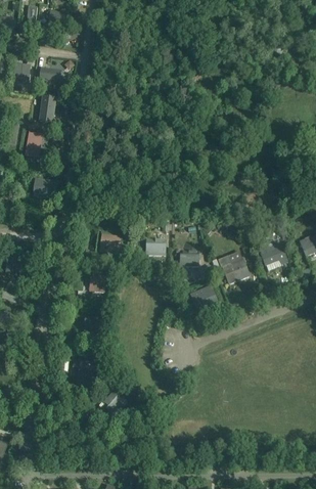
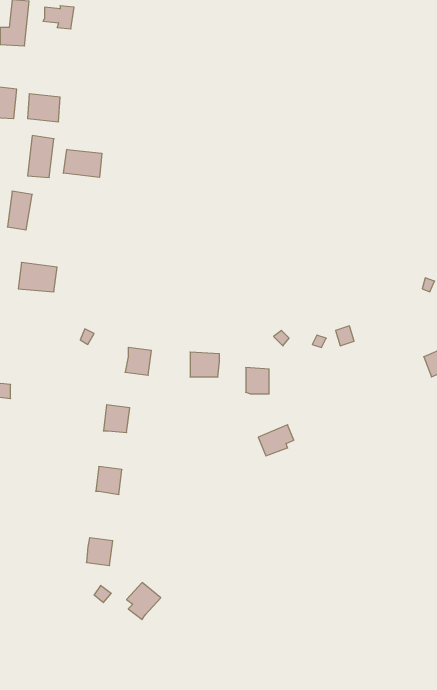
building: none -> [63,149,102,177]
building: [258,239,286,264] -> none
building: [219,255,249,283] -> none

